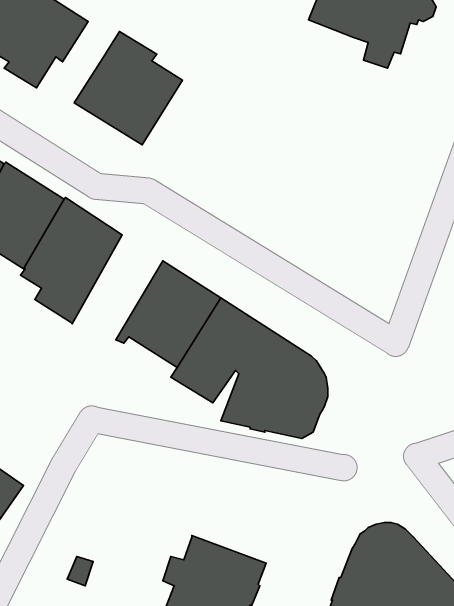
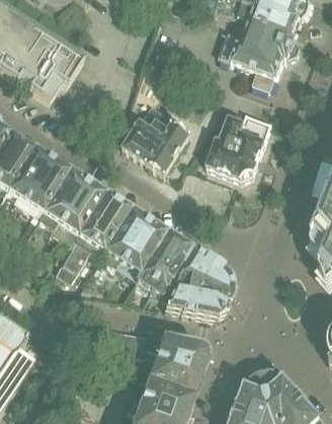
building: [74,32,183,145] -> [123,101,191,172]
building: none -> [206,103,272,178]
building: none -> [56,190,129,279]
building: none -> [93,324,206,396]

